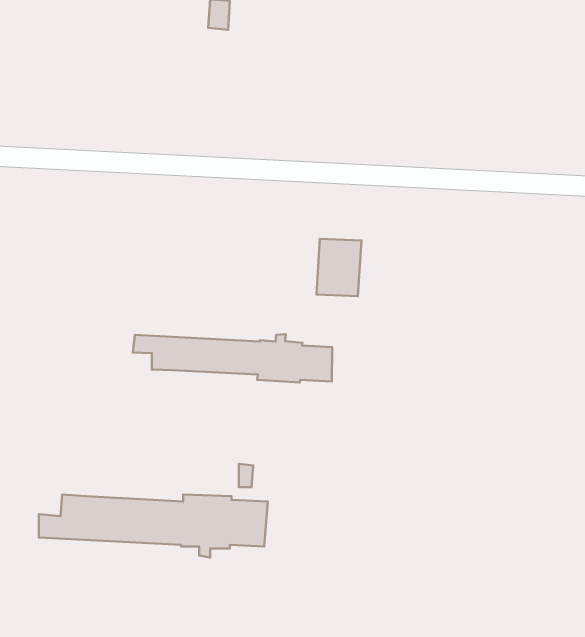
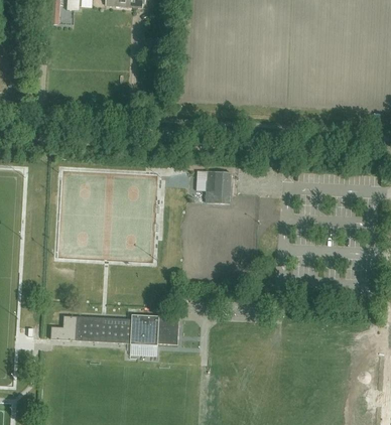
building: [133,334,332,383] -> none

